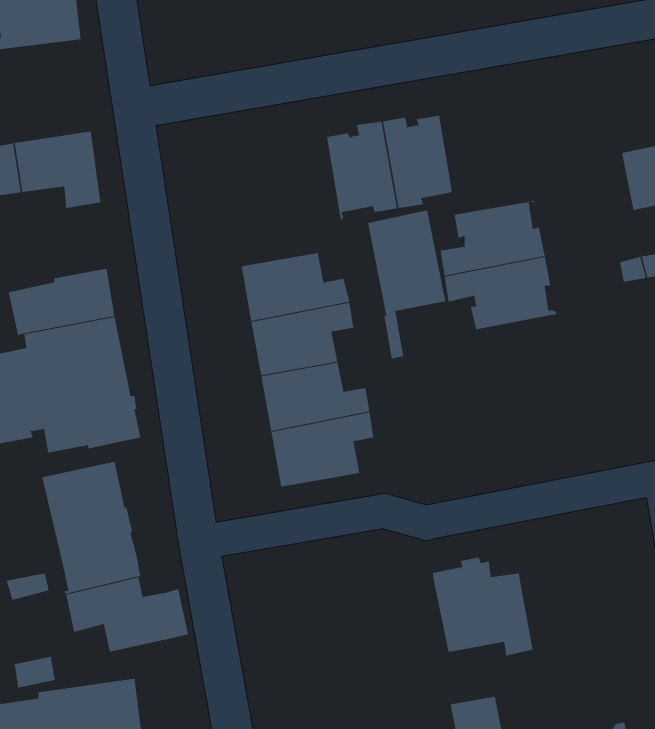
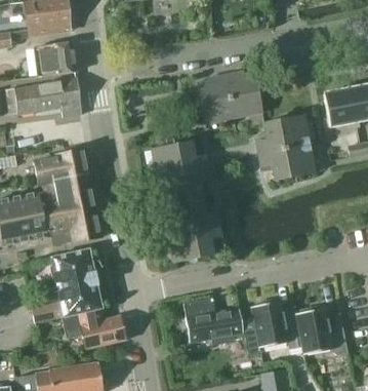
building: none -> [35,42,75,75]
building: none -> [324,89,355,124]
building: [368,209,446,359] -> none
building: none -> [183,298,262,355]
building: none -> [297,305,349,354]

